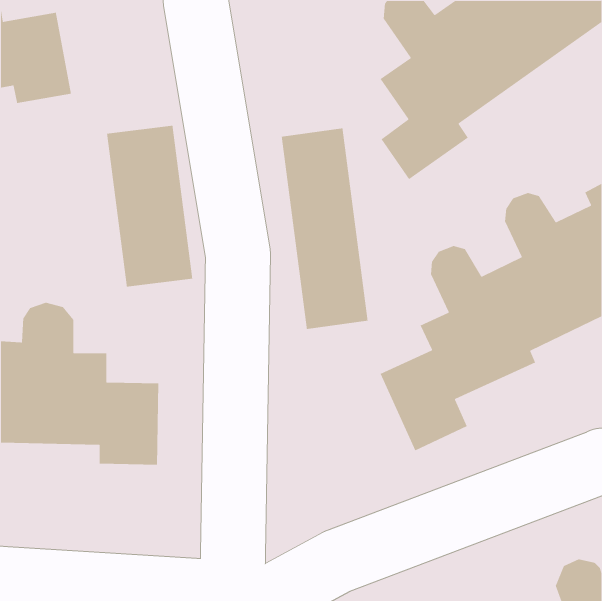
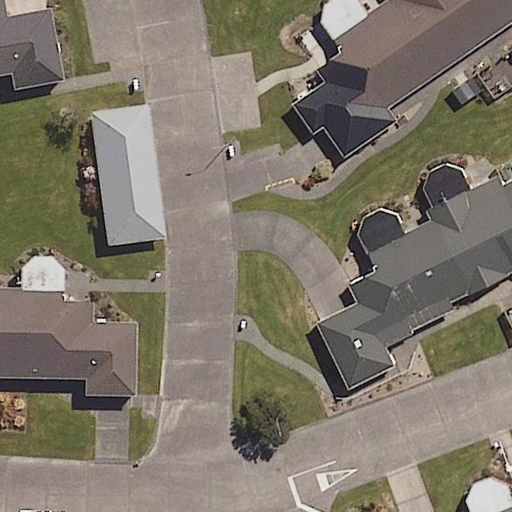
building: [281,127,368,330] -> none

